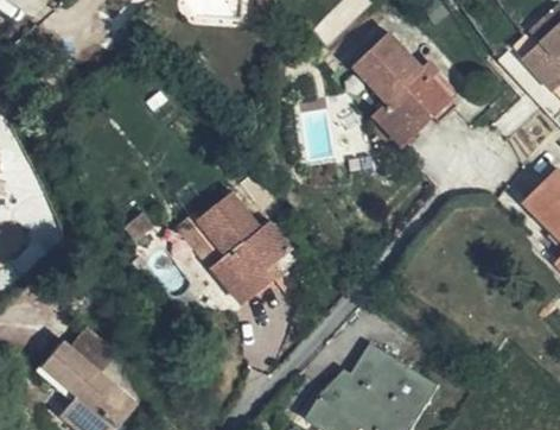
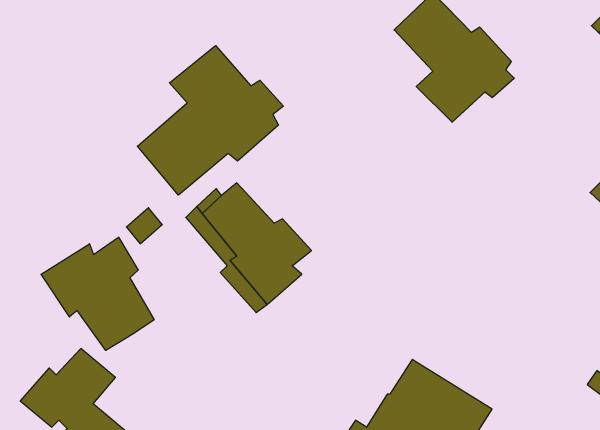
building: none -> [137,46,283,195]
building: none -> [41,237,154,350]

